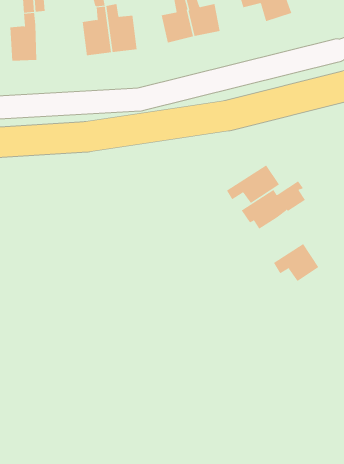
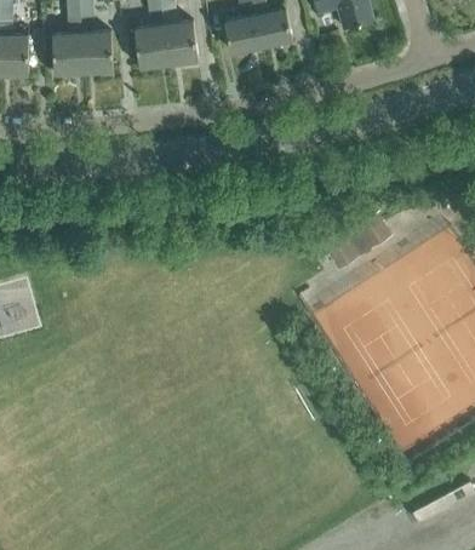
building: none -> [82,31,113,73]
building: [226,165,280,204] -> none
building: [273,243,319,282] -> none

